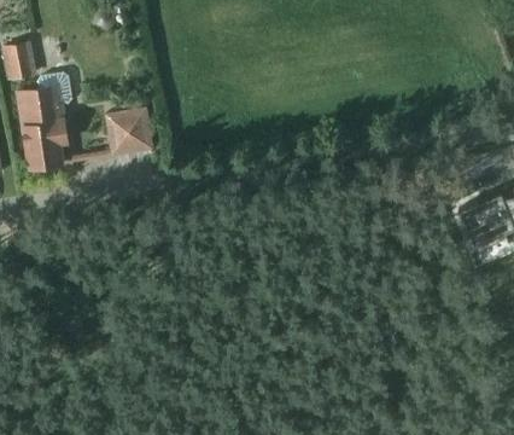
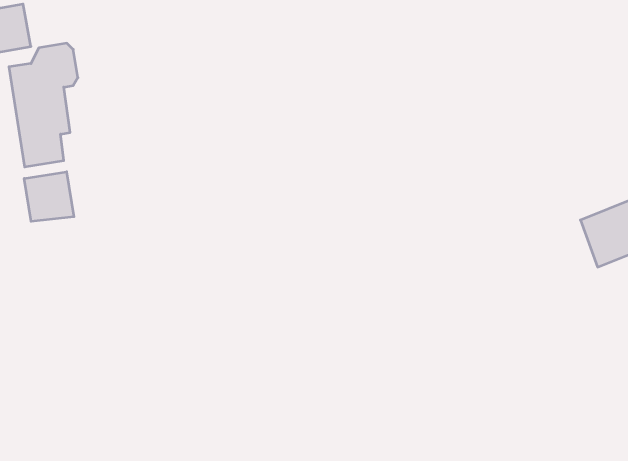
building: [106,109,151,156] -> none
building: none -> [24,172,74,221]

